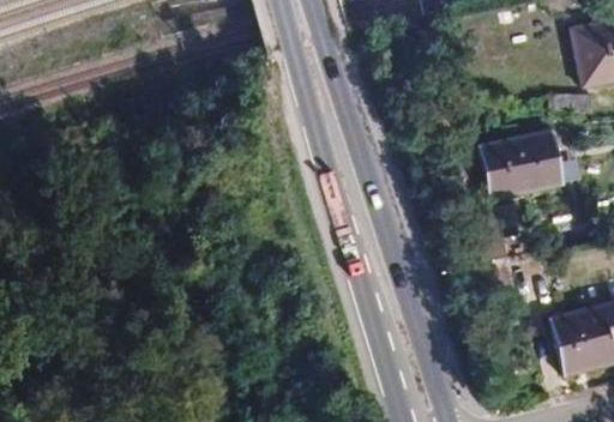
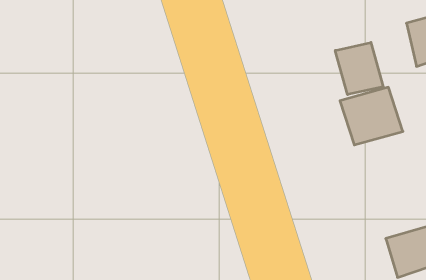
building: none -> [335,42,383,95]

